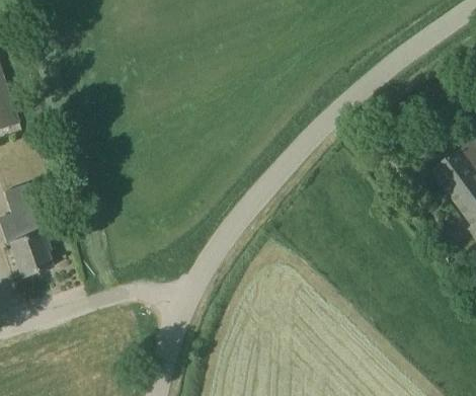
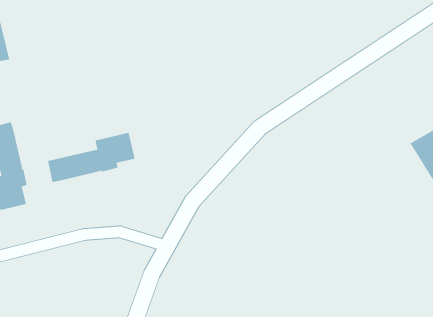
building: none -> [47,132,135,183]

